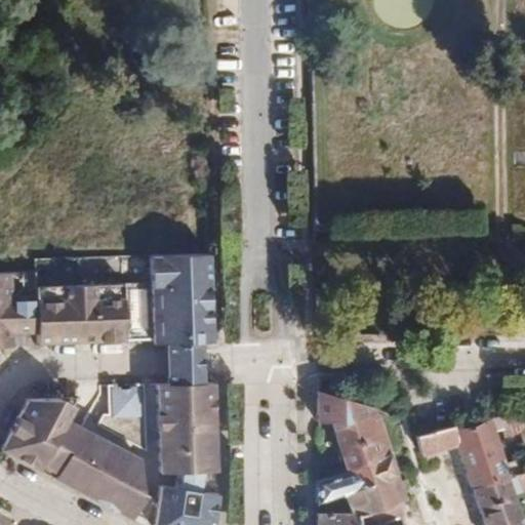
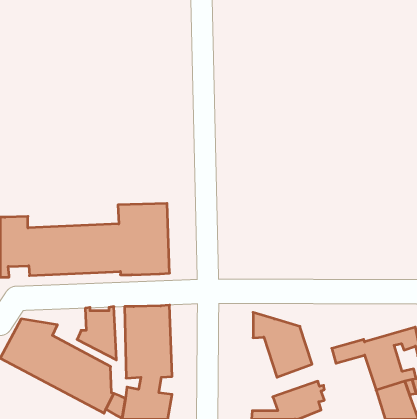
building: [167,342,203,383] -> none
building: [318,455,400,504] -> none

